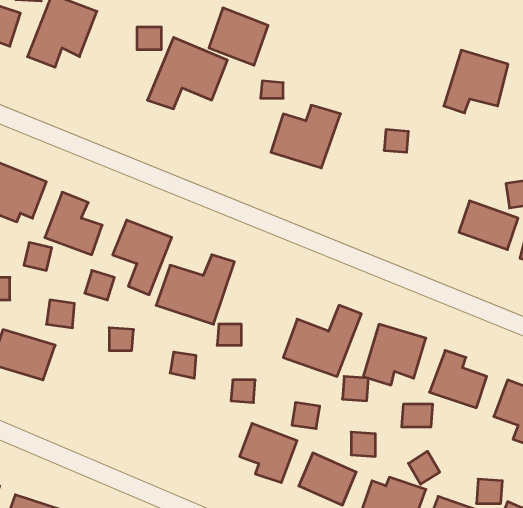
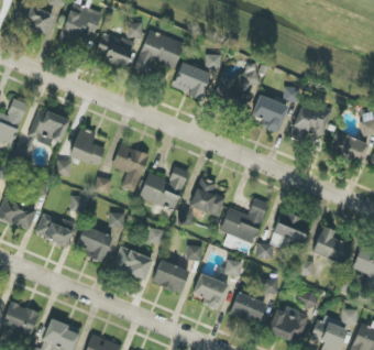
building: [209,8,268,65] -> [172,62,209,98]
building: none -> [95,33,133,66]
building: [444,50,508,113] -> [289,101,330,141]
building: none -> [251,95,287,133]
building: none -> [189,177,224,217]
building: none -> [75,226,111,262]
building: none -> [113,248,152,278]
building: none -> [152,260,188,293]

